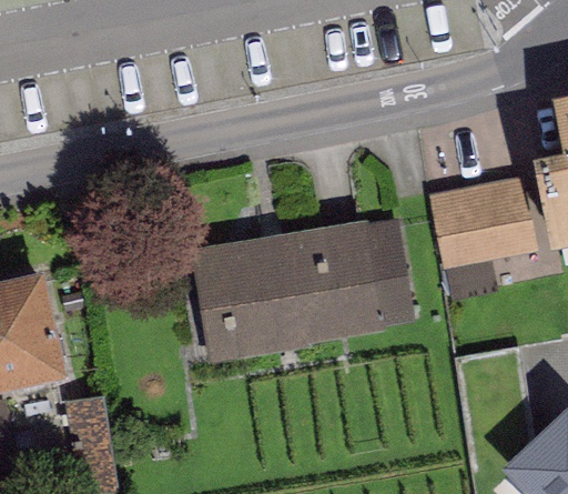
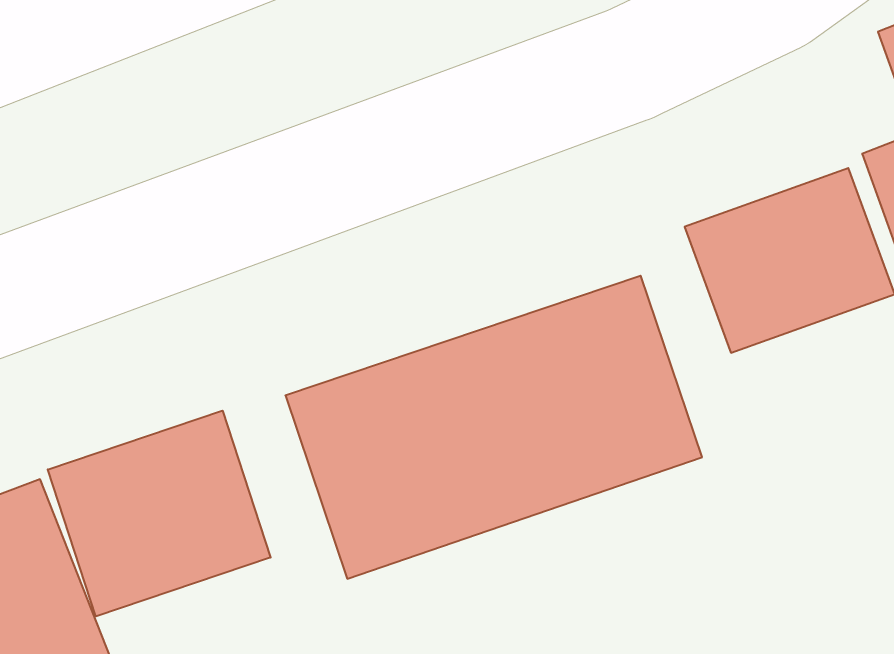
building: none -> [48,411,271,616]

